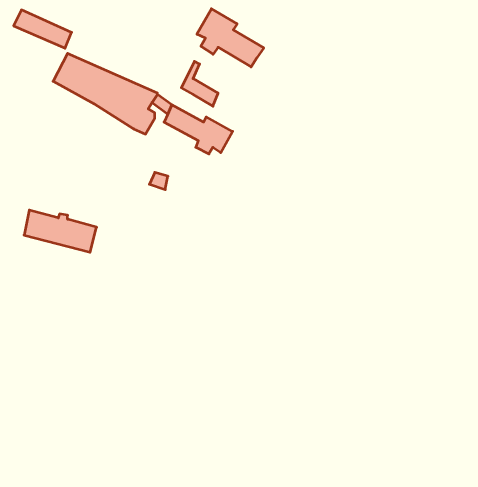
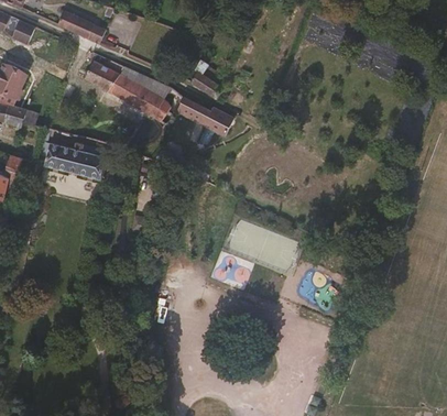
building: [197,9,264,67] -> none
building: [24,210,97,252] -> [45,142,106,177]

